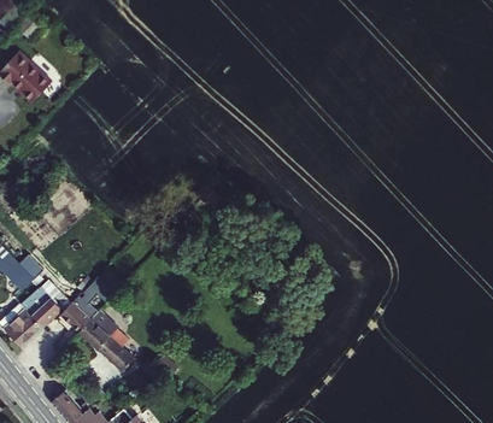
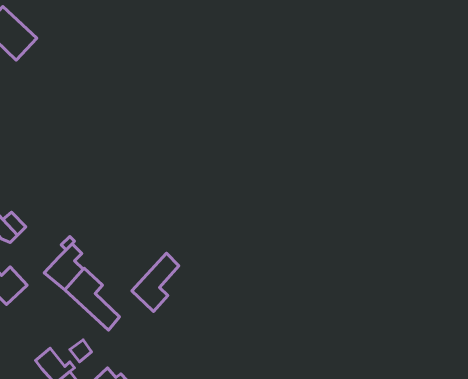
building: [19,278,68,327] -> none
building: none -> [132,253,179,311]

